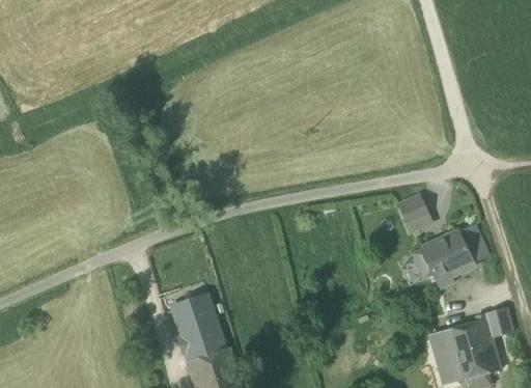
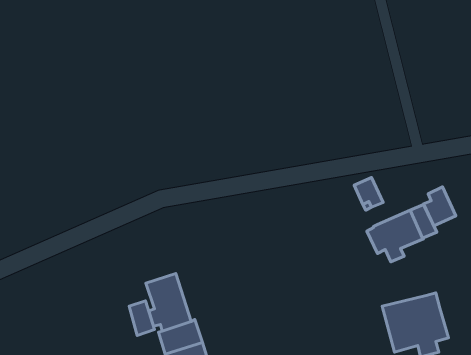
building: none -> [424,187,456,226]
building: [475,307,512,335] -> none
building: none -> [129,301,155,336]

